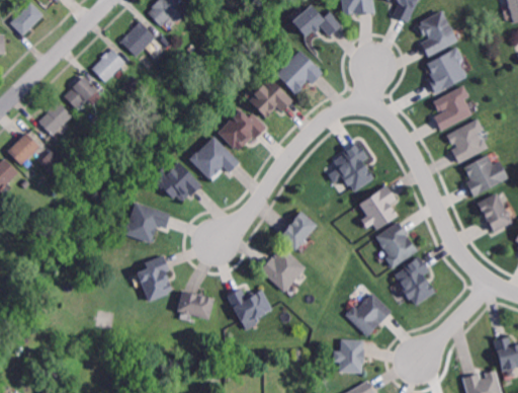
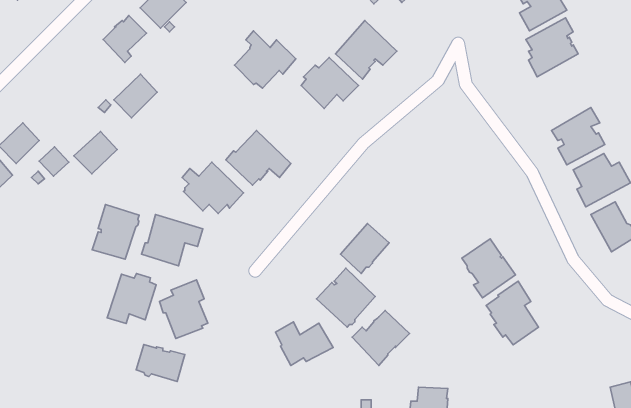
building: [63,74,97,108] -> [114,74,157,118]
building: [432,85,472,132] -> none
building: [37,100,72,134] -> [74,132,117,174]
building: [215,105,264,151] -> [234,31,296,88]
building: [333,143,373,192] -> none
building: [358,185,399,231] -> none
building: none -> [92,205,139,259]
building: none -> [107,273,156,324]
building: [176,291,214,320] -> [136,344,185,381]
building: [345,294,391,337] -> [352,310,410,365]

